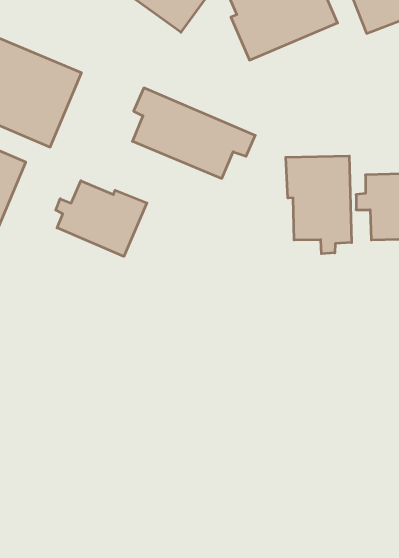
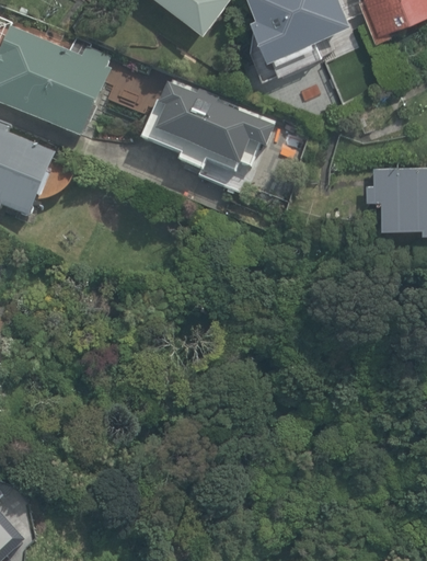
building: [286,156,352,254] -> none
building: [56,181,147,256] -> none

